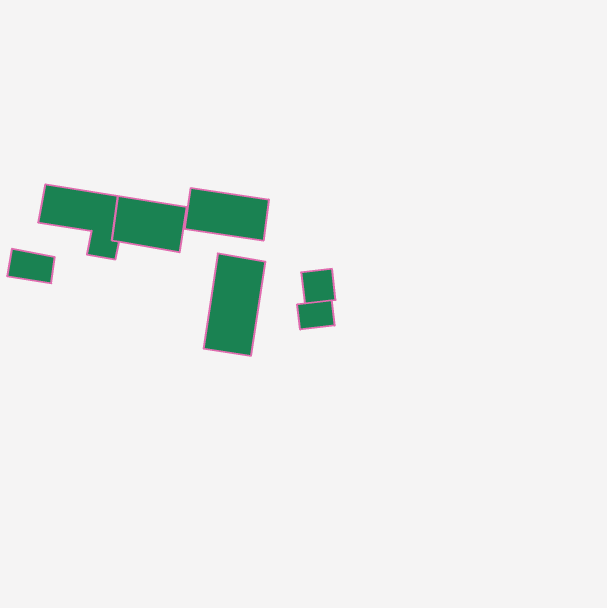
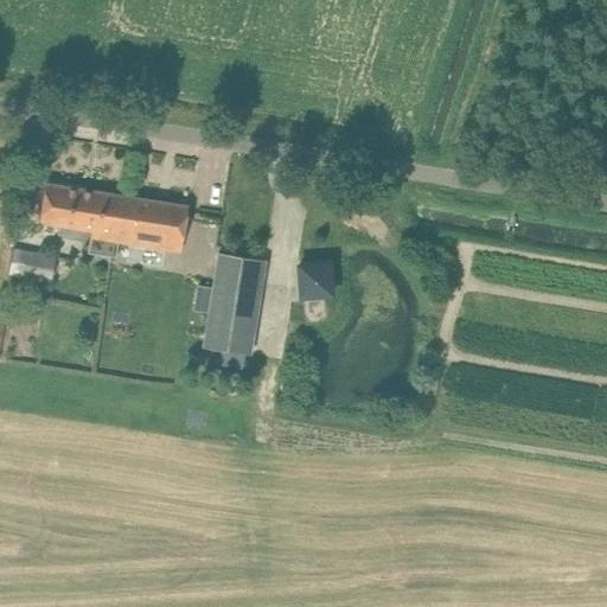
building: [185,188,269,241] -> none
building: [297,300,335,330] -> none

